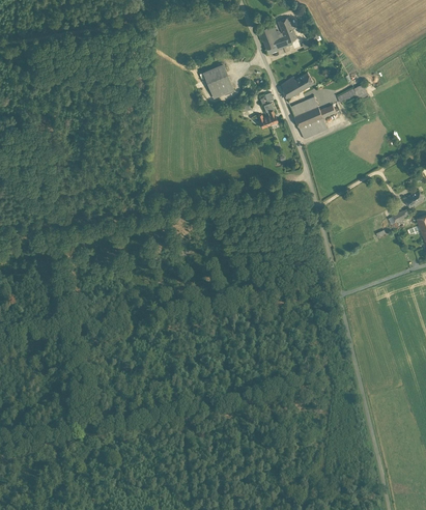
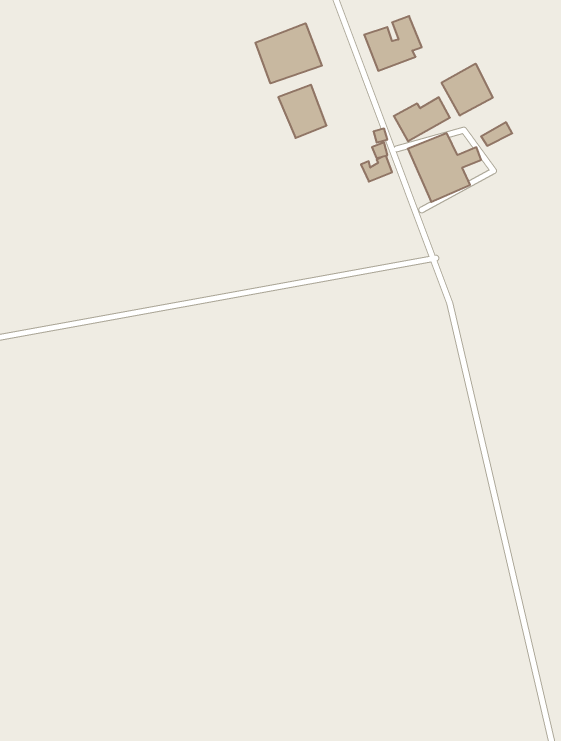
building: none -> [255,23,322,83]
building: none -> [442,64,493,116]

